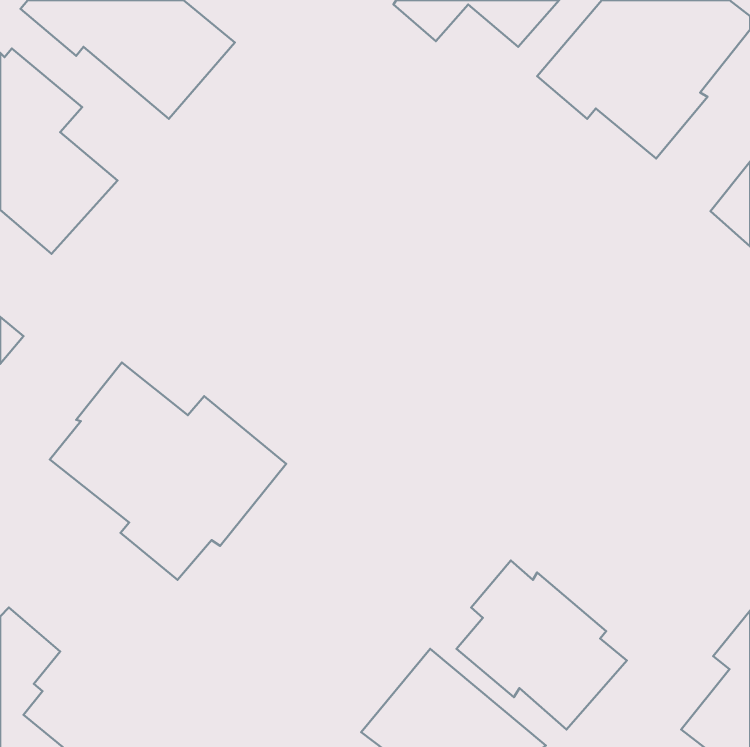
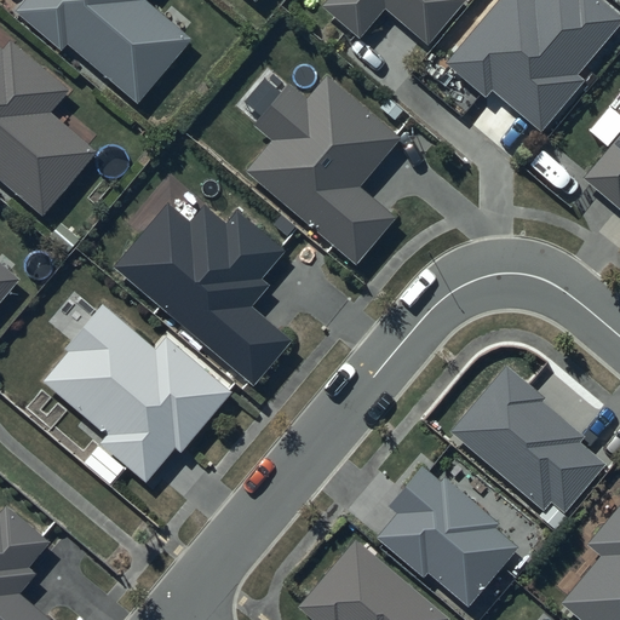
building: none -> [246,75,398,263]
building: none -> [113,203,288,386]
building: none -> [449,366,605,516]

